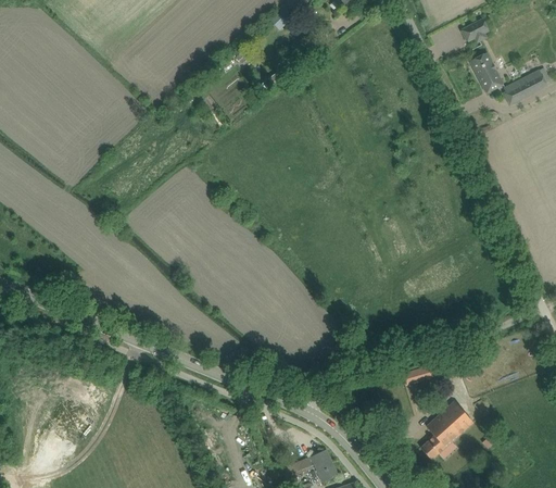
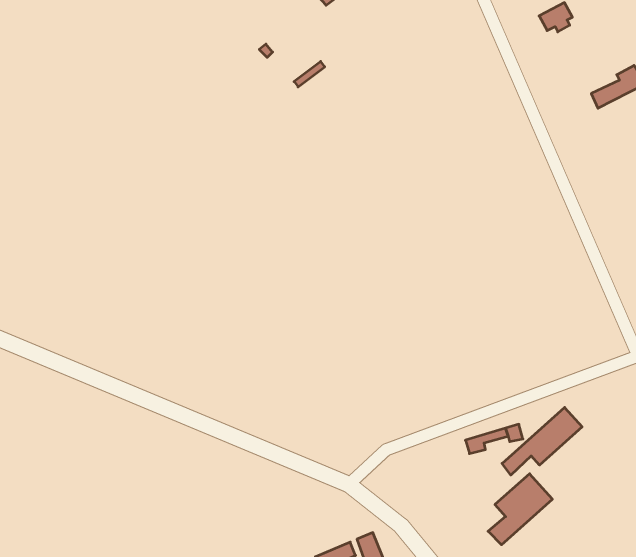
building: [469,52,503,92] -> none
building: none -> [502,407,582,475]

